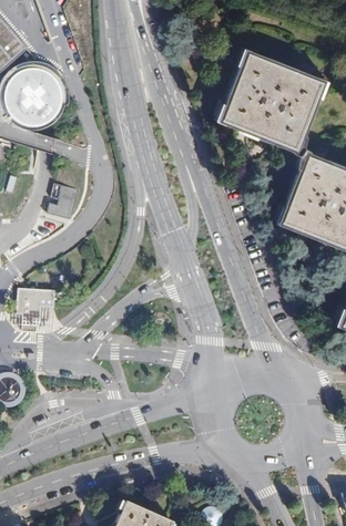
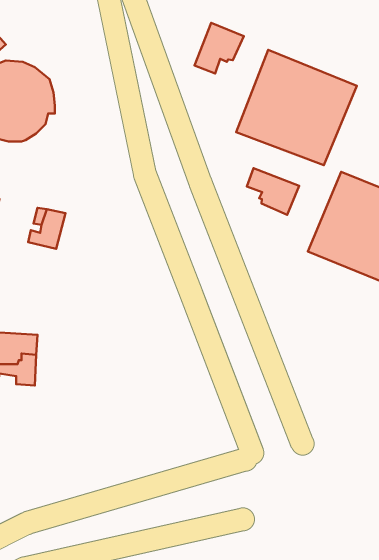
building: none -> [195,23,244,73]
building: none -> [247,168,299,215]

